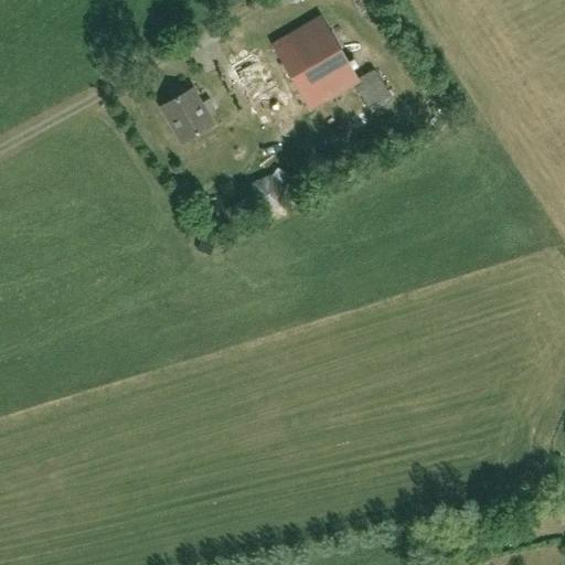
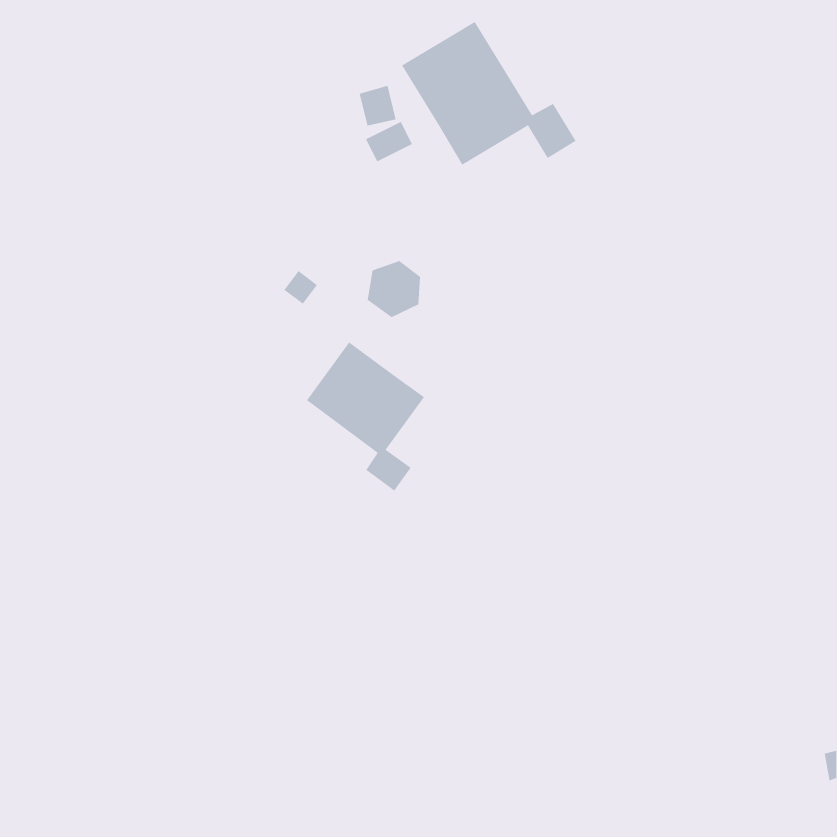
building: [160,89,214,143] -> none
building: none -> [306,341,425,491]

